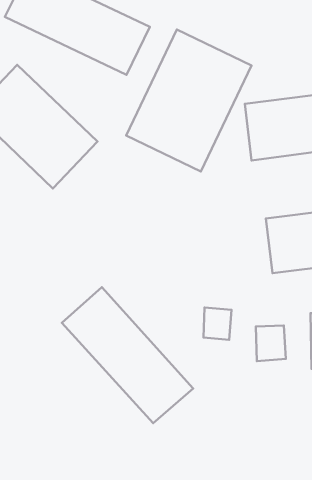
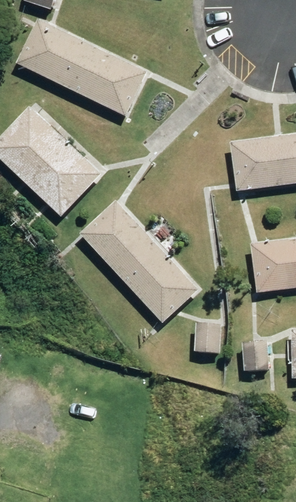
building: [126,30,251,171] -> none
building: [62,287,193,423] -> [79,200,197,322]

